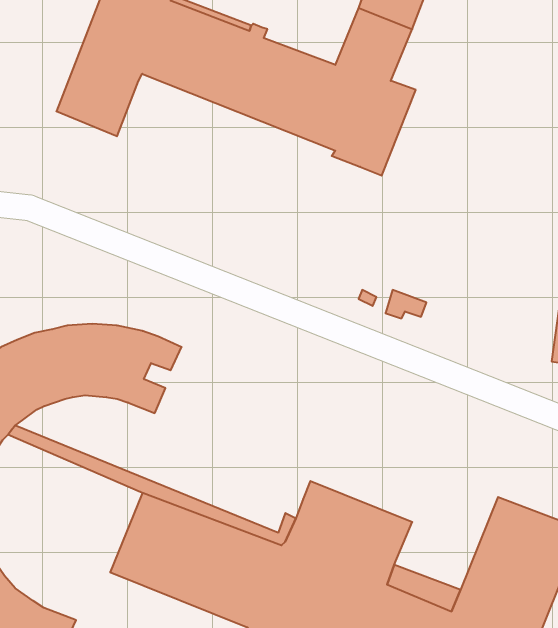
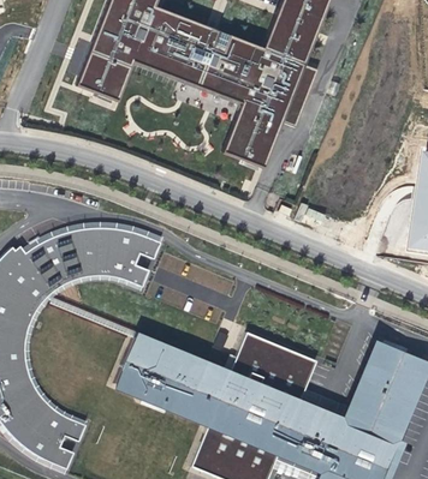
building: none -> [131,58,280,168]

